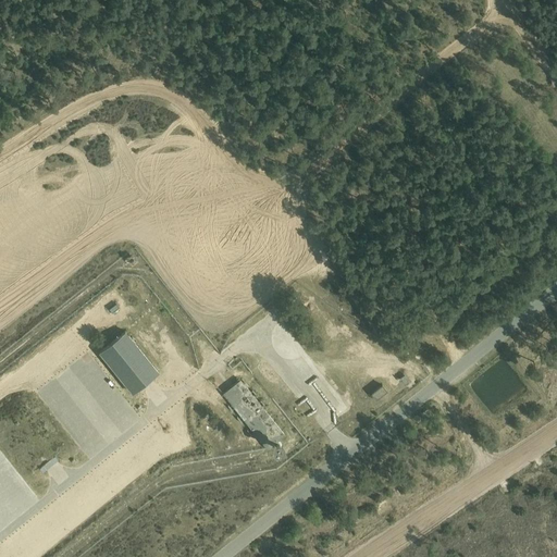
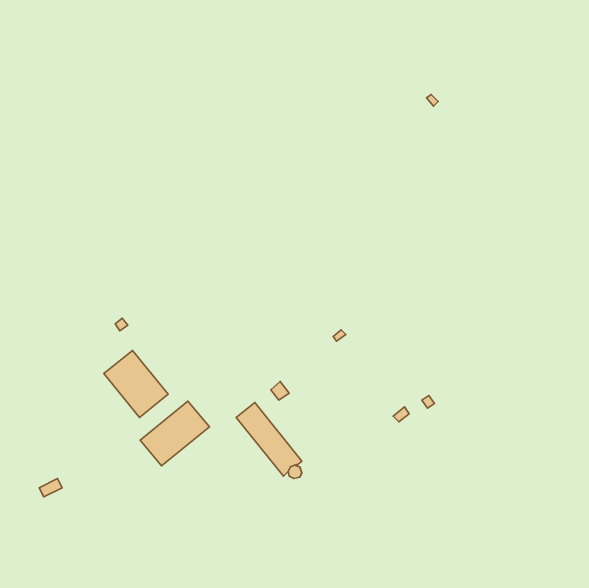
building: none -> [140,401,209,466]

